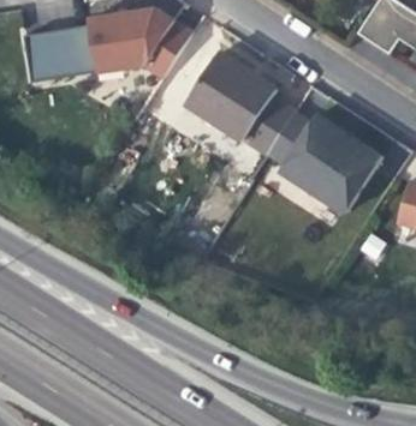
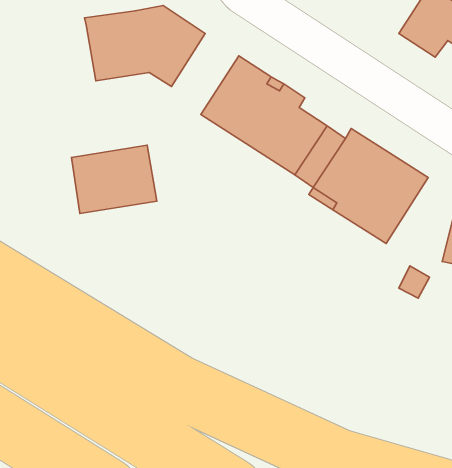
building: [24,25,97,84] -> [71,145,157,214]

